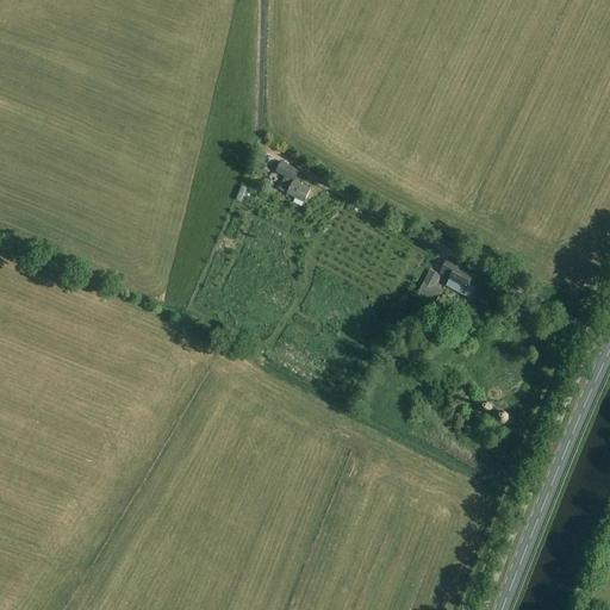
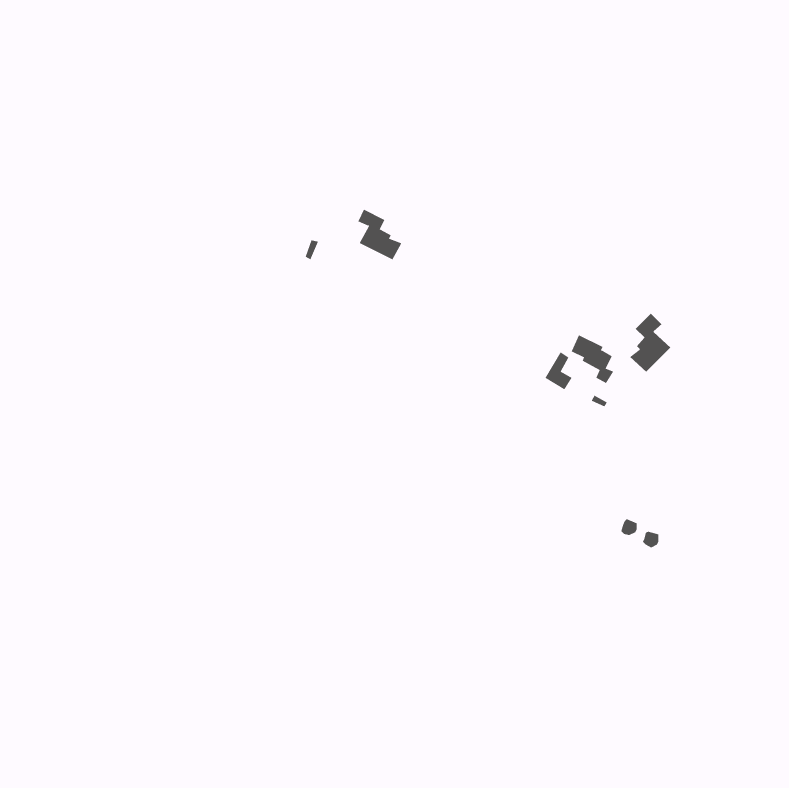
building: none -> [629,313,671,373]

